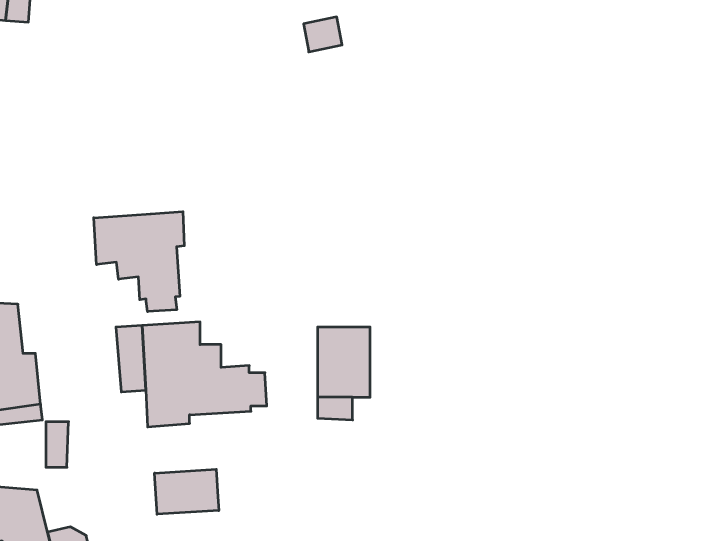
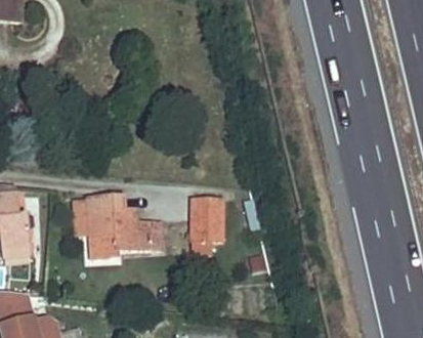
building: [94,212,184,312] -> none
building: [155,469,219,514] -> none

